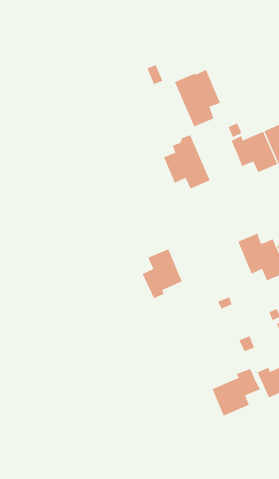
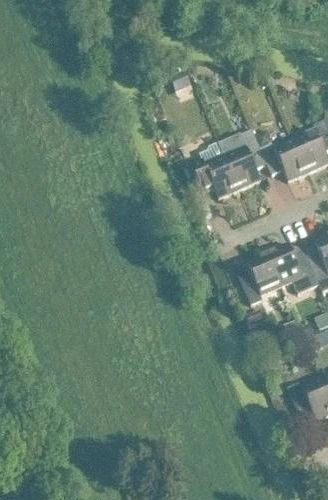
building: [175,69,221,127] -> [221,128,269,188]
building: [142,249,182,299] -> [241,251,283,303]
building: [212,368,261,417] -> none

